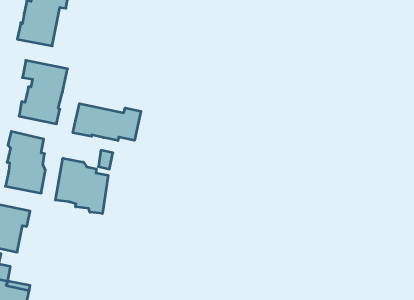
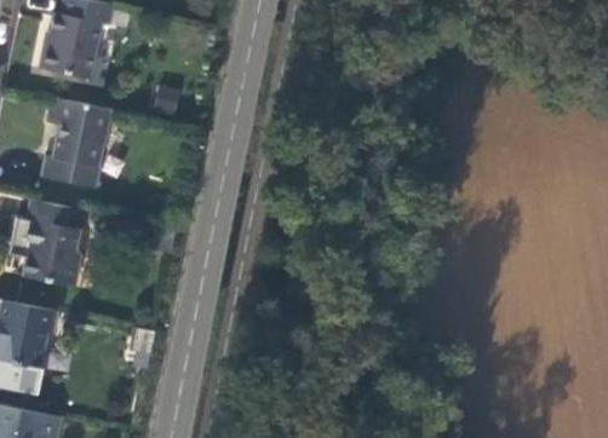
building: [73,104,141,141] -> none
building: [55,158,108,214] -> none

